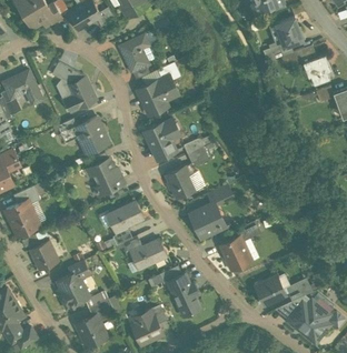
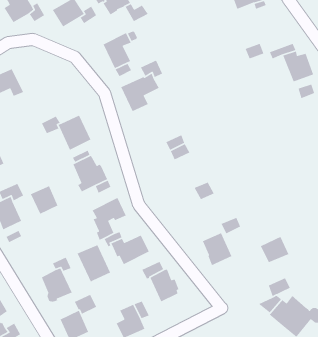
building: [275,17,303,48] -> none
building: [51,62,96,113] -> none
building: [145,119,178,160] -> none
building: [165,167,195,199] -> none
building: [189,202,222,235] -> none
building: [29,241,58,271] -> [30,185,58,215]
building: none -> [76,244,111,283]
building: [255,276,285,304] -> [260,236,290,263]

